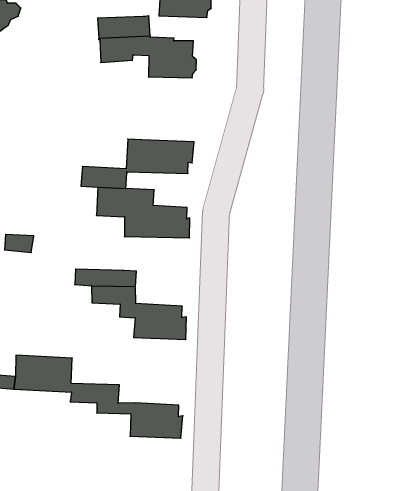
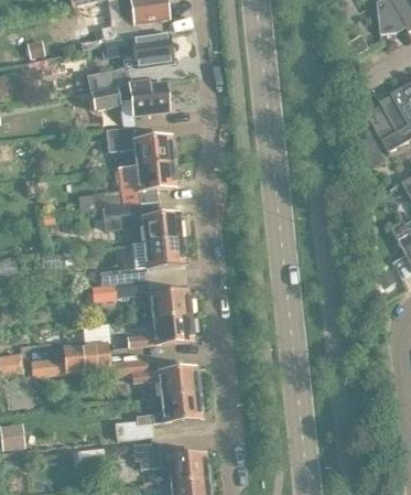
building: none -> [105,126,175,164]
building: none -> [132,235,185,268]
building: none -> [127,314,193,346]
building: none -> [113,391,202,440]

